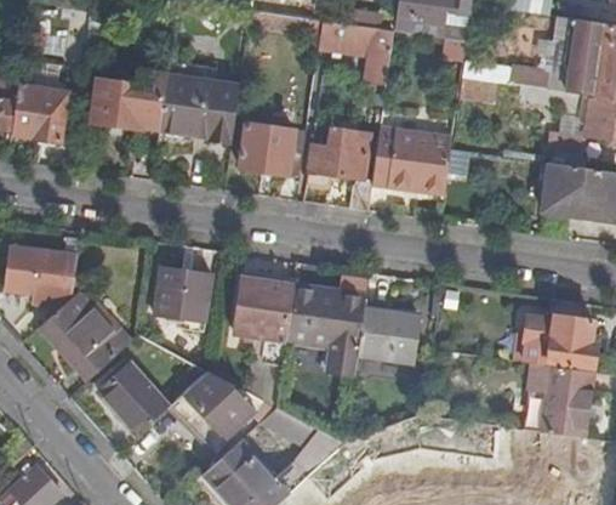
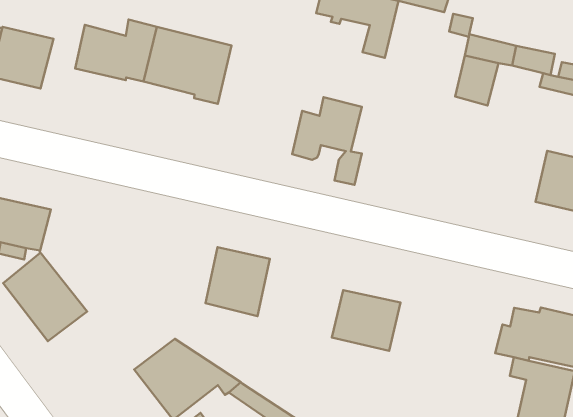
building: [245,123,300,174] -> none
building: [372,125,454,188] -> none
building: [153,267,211,320] -> none
building: [285,285,366,378] -> none
building: [98,363,167,433] -> none

